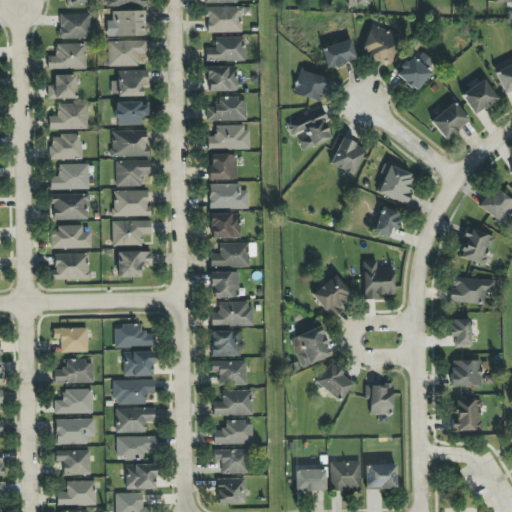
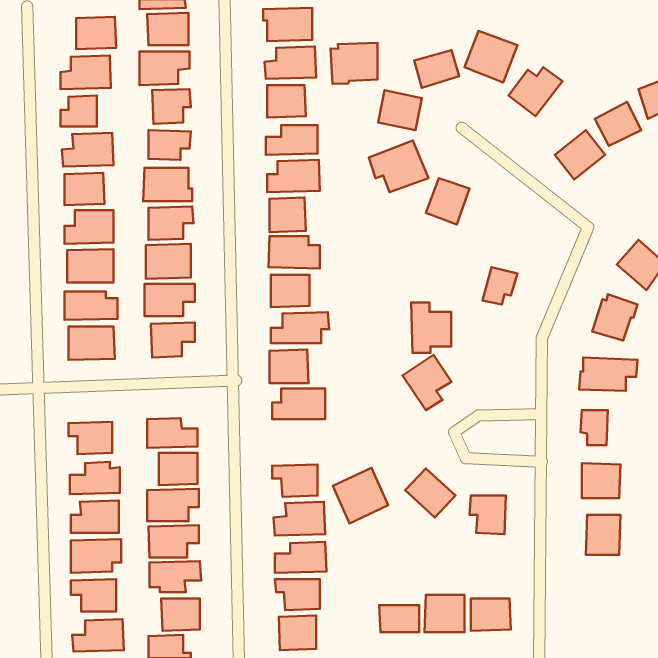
building: none -> [330,43,378,84]
building: [378,162,414,204] -> none
building: [363,260,394,299] -> [411,303,451,353]
building: [290,325,333,368] -> [333,468,388,523]
building: [212,330,241,356] -> none

